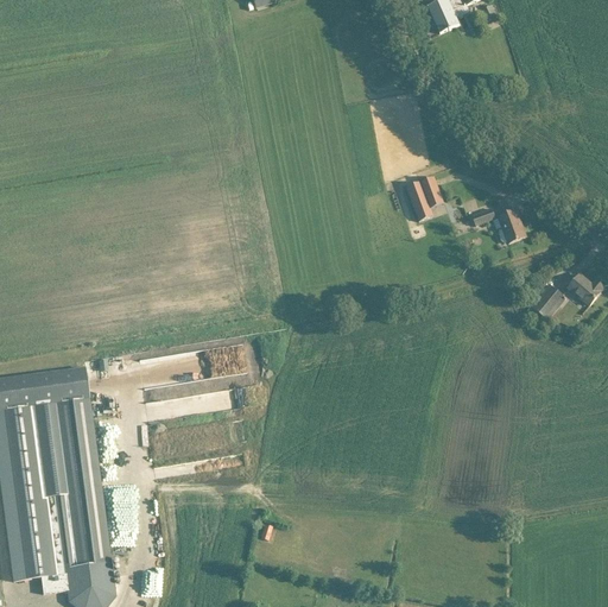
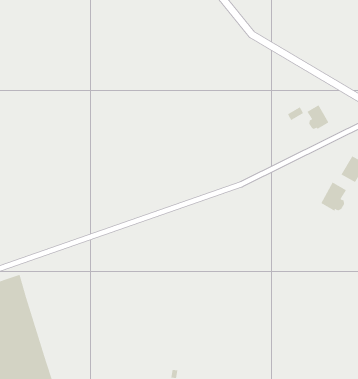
building: [406,176,441,220] -> none
building: none -> [320,181,347,212]

